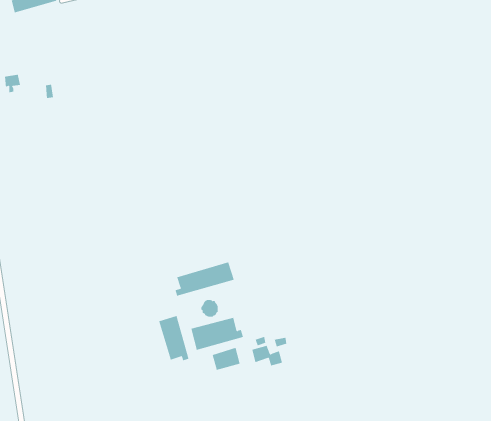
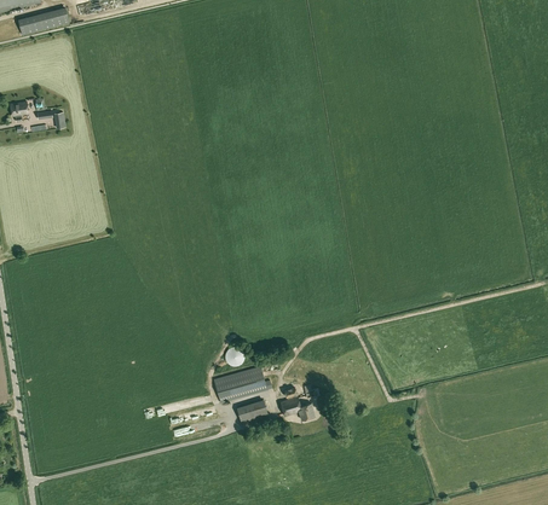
building: [175,262,234,296] -> none
building: [159,315,189,361] -> none

